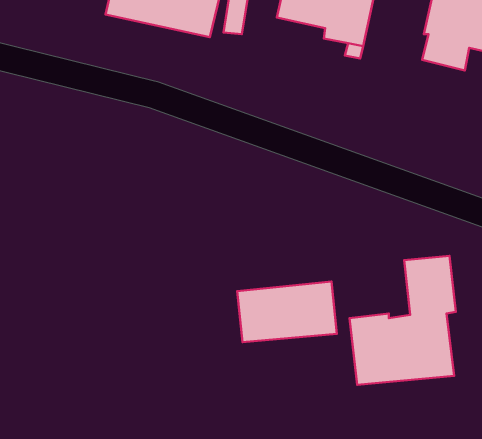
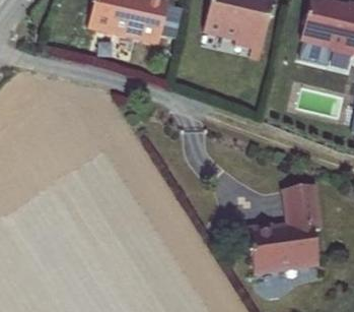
building: [237,282,337,342] -> none

